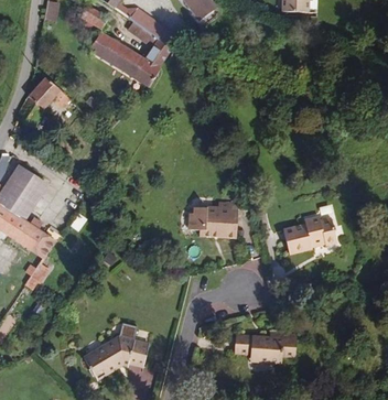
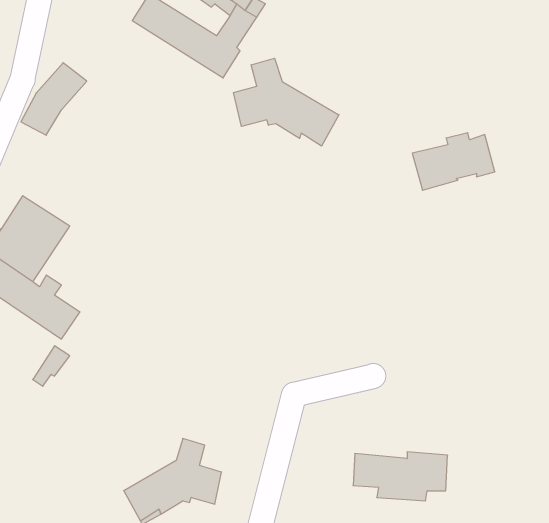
building: none -> [234,58,339,146]
building: [188,202,238,238] -> none
building: [283,216,337,253] -> [412,133,495,190]

